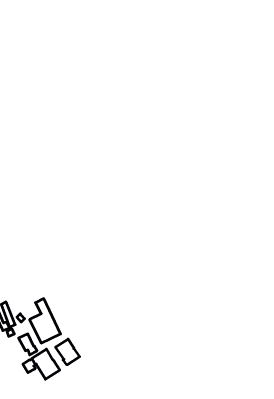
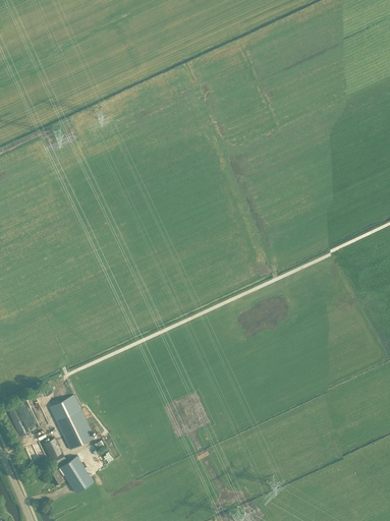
building: [56,339,80,365] -> none

